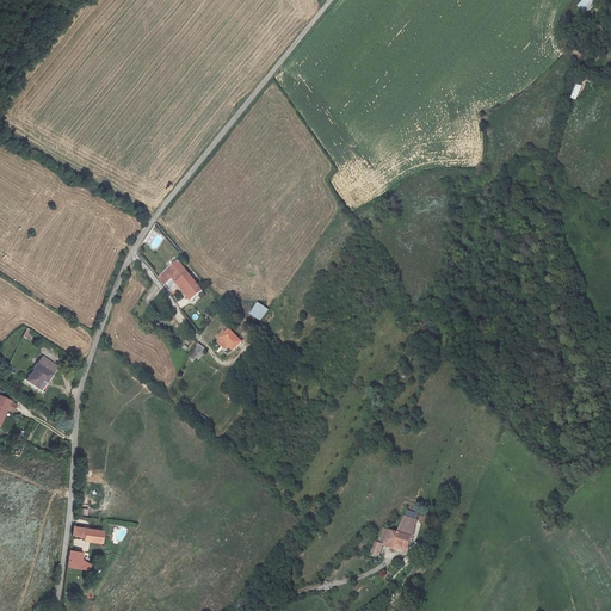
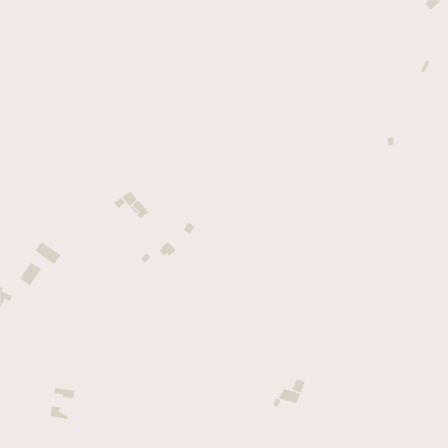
building: none -> [34,241,62,265]

